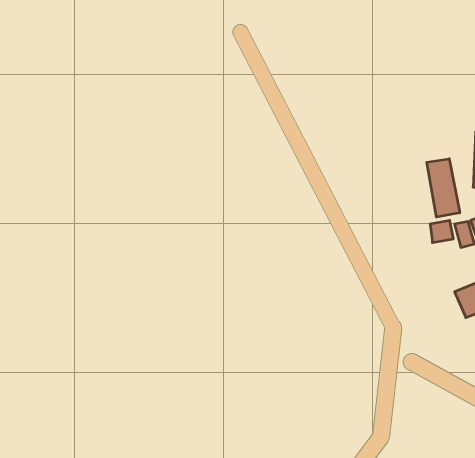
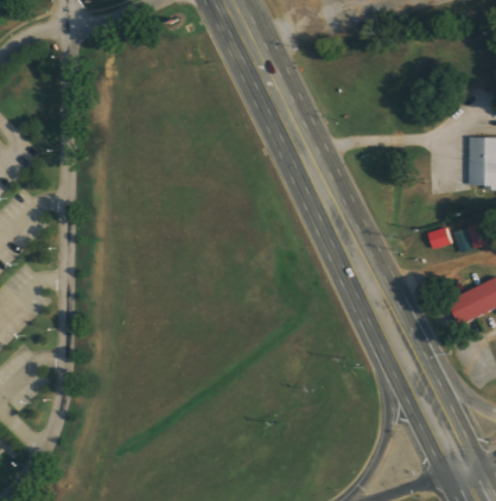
building: [427,159,460,217] -> none

